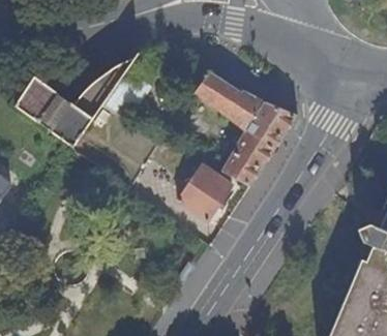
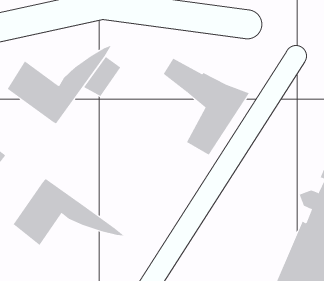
building: [178,162,237,223] -> none
building: none -> [13,178,126,246]

